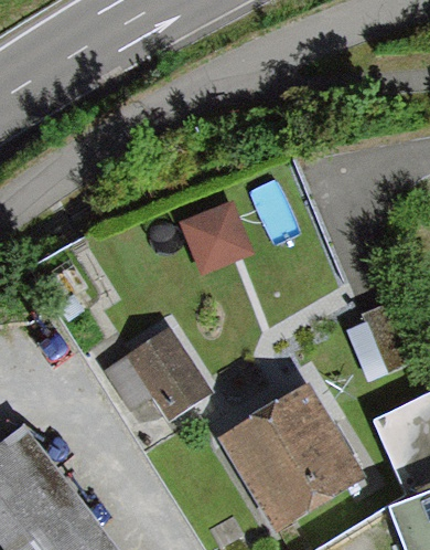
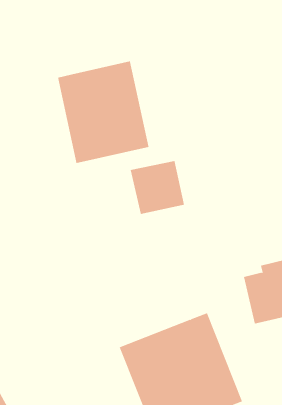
building: none -> [58,61,149,164]
building: [104,327,211,420] -> none

